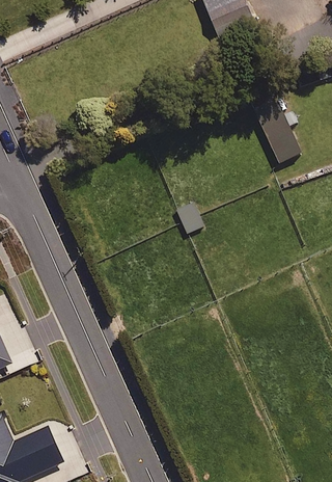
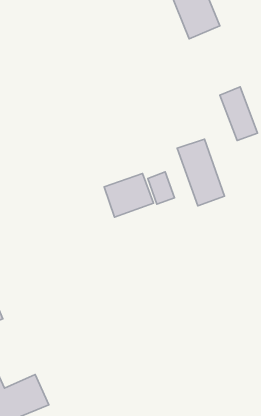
building: none -> [177,139,225,206]
building: none -> [104,174,153,217]

